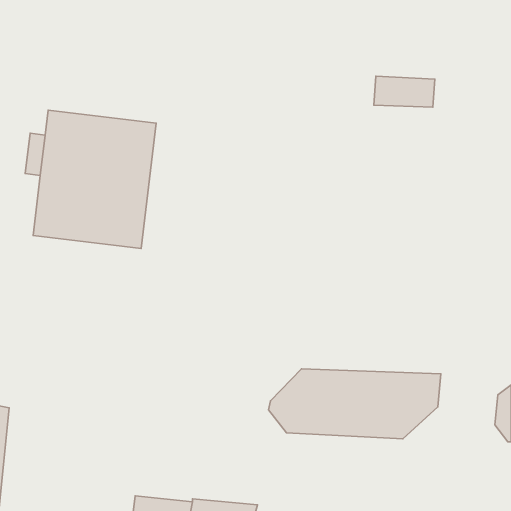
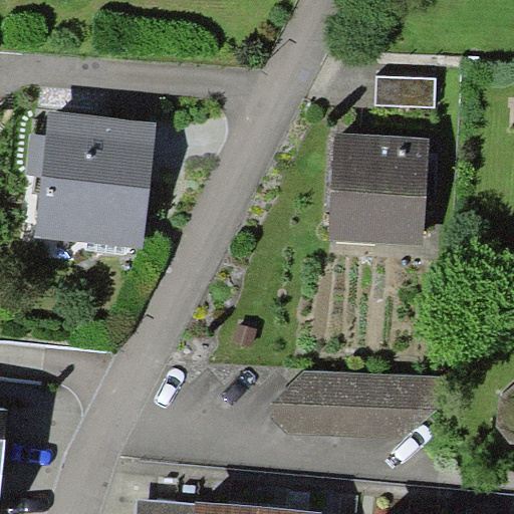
building: none -> [327,133,427,245]

